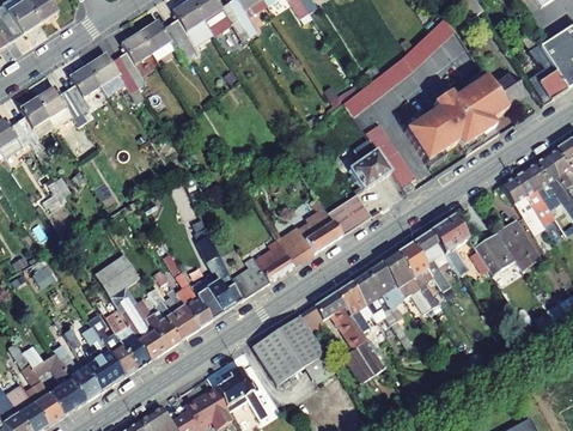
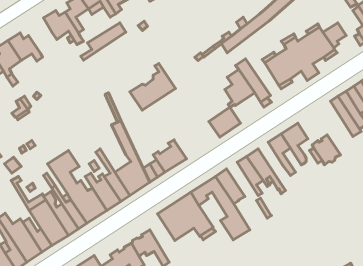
building: [66,65,99,116] -> none
building: none -> [81,23,126,60]
building: [275,200,341,267] -> [130,63,176,110]
building: [496,220,540,269] -> none
building: [396,243,438,306] -> none
building: [350,272,396,324] -> none

